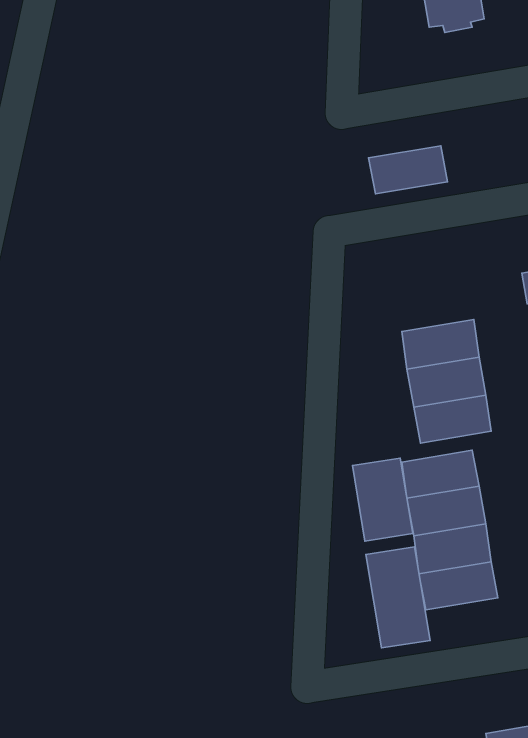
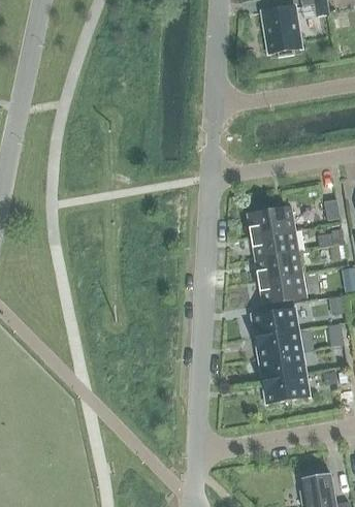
building: [369,146,448,194] -> [248,207,295,235]
building: [352,458,413,541] -> none
building: [366,547,430,648] -> none

